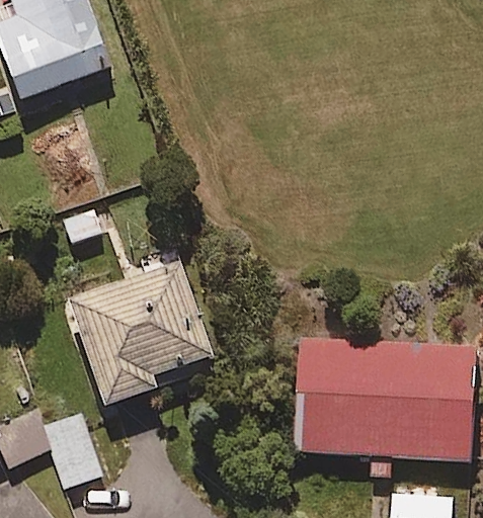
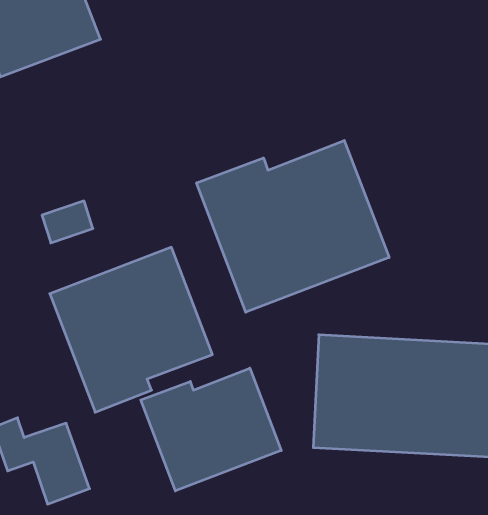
building: none -> [197,140,389,312]
building: none -> [141,368,281,491]

